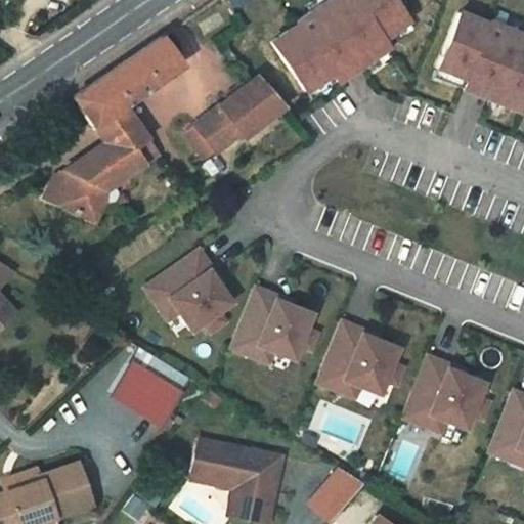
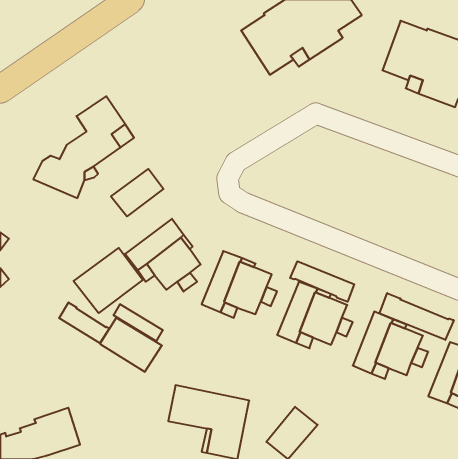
building: [69,40,181,132] -> none
building: [200,78,291,160] -> none
building: none -> [111,169,163,216]
building: none -> [74,248,143,313]
building: none -> [290,261,354,302]
building: none -> [380,293,454,340]
building: none -> [59,302,109,343]

